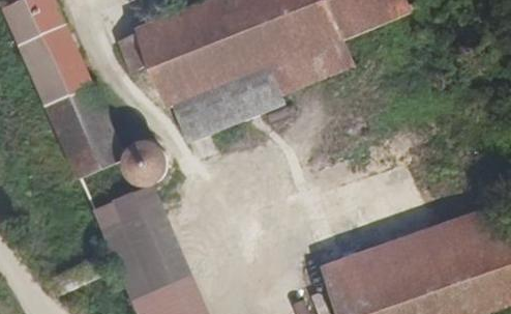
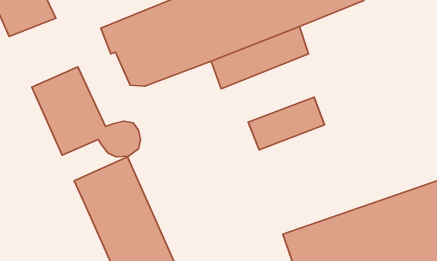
building: [16,22,93,99] -> none
building: [169,70,254,130] -> [248,97,324,150]

